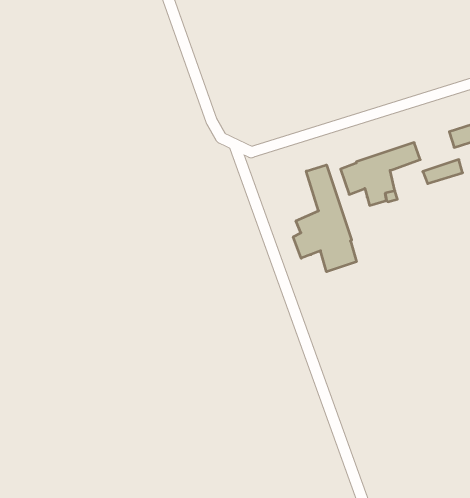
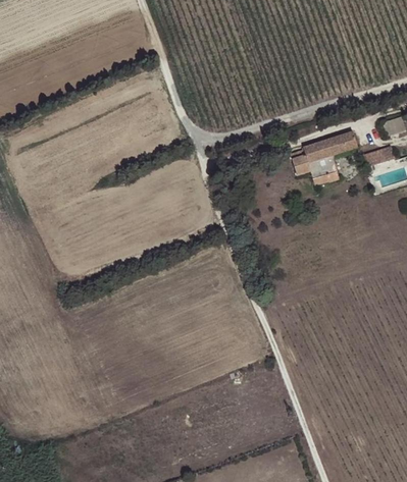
building: [293,165,356,272] -> none

